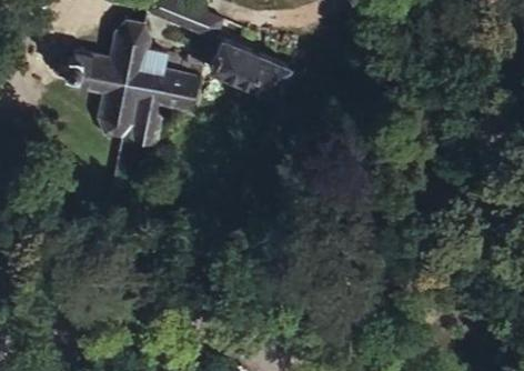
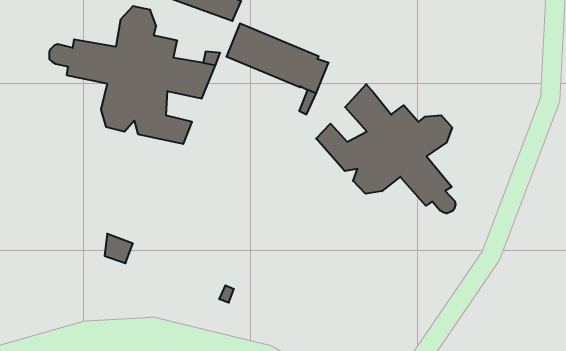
building: none -> [316,84,456,214]

